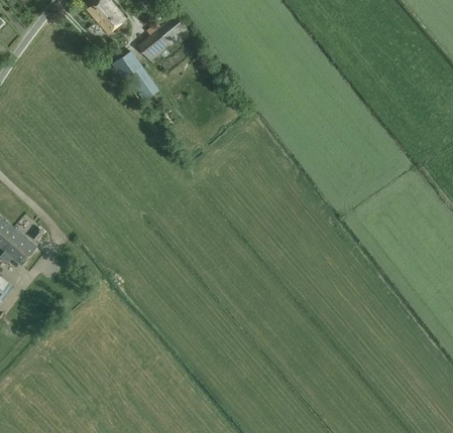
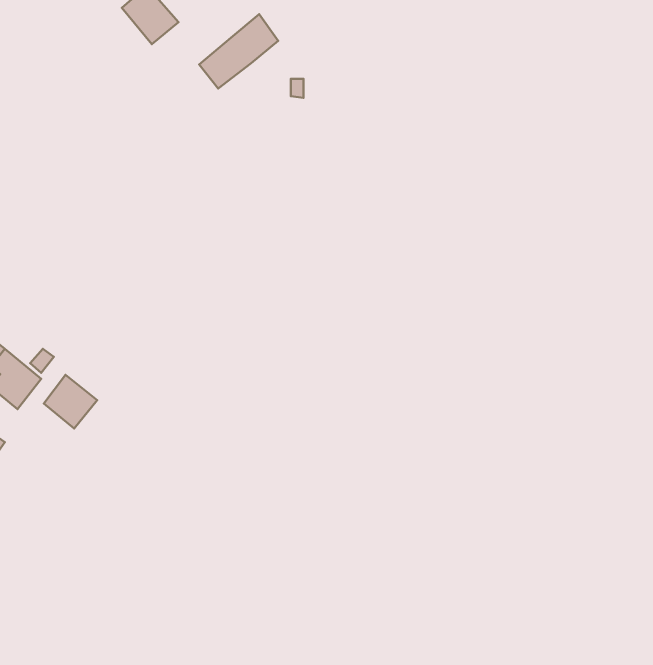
building: [109,49,159,101] -> none
building: none -> [44,375,97,428]

